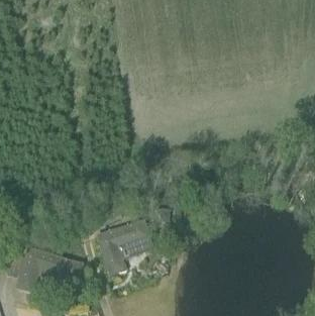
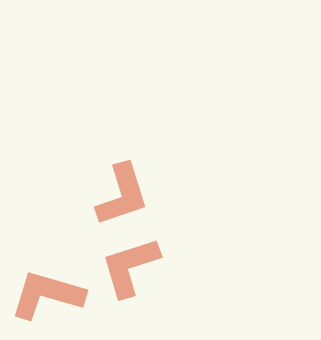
building: none -> [93,159,146,224]

